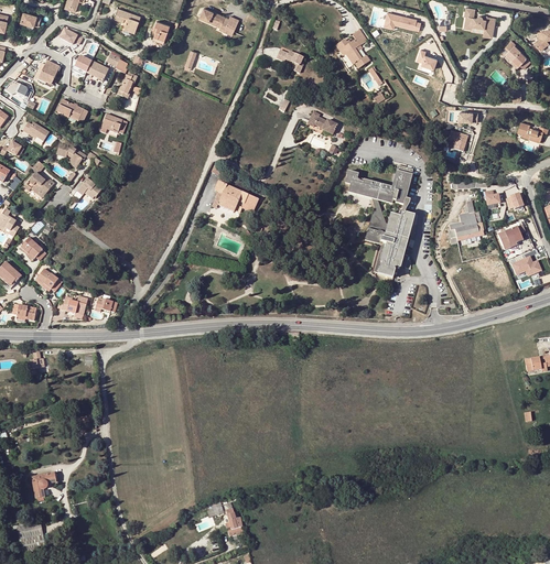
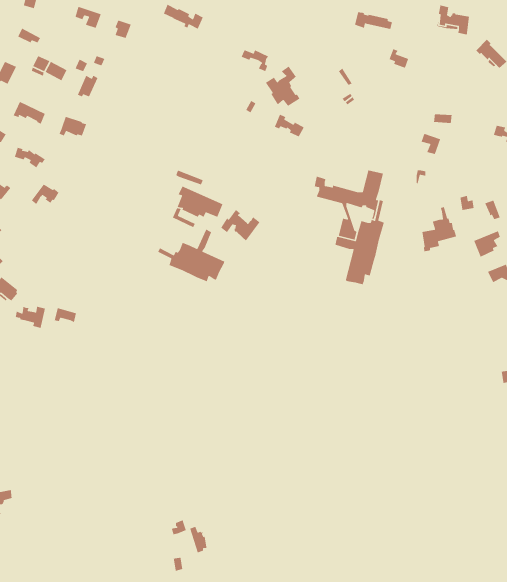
building: [336,29,370,68] -> [265,65,300,107]
building: none -> [220,209,260,241]
building: none -> [157,228,225,282]

